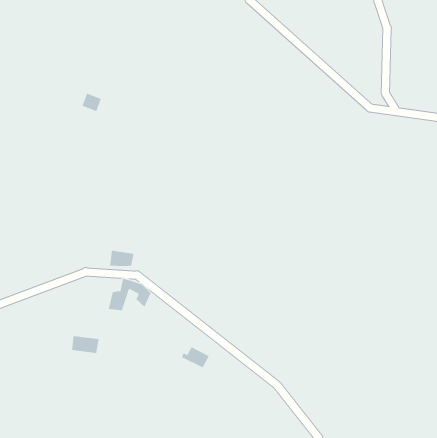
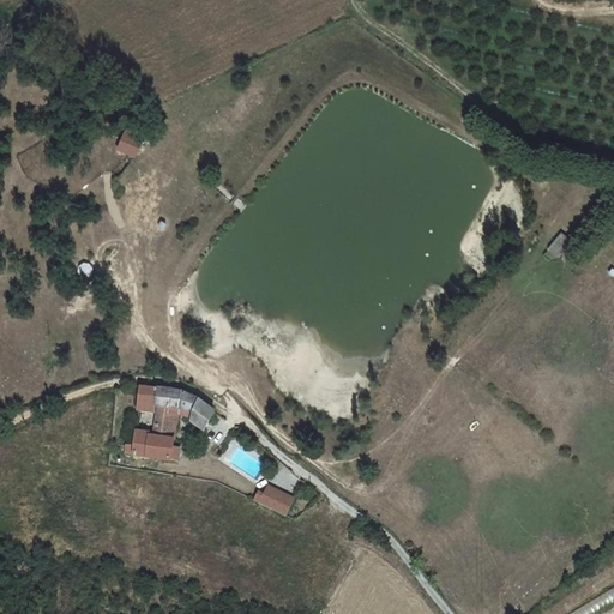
building: [110,250,134,267] -> [137,384,171,408]
building: [71,335,99,354] -> [132,431,171,457]

